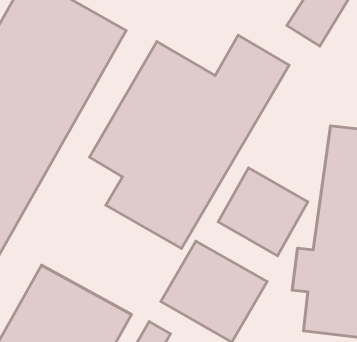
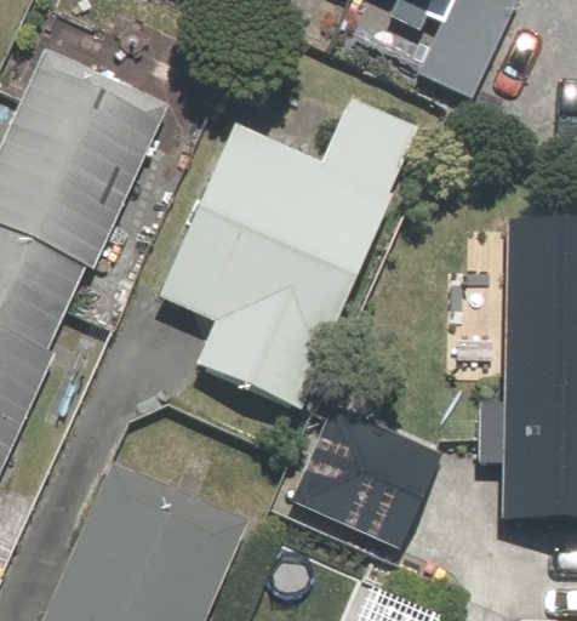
building: [218,168,308,256] -> none

